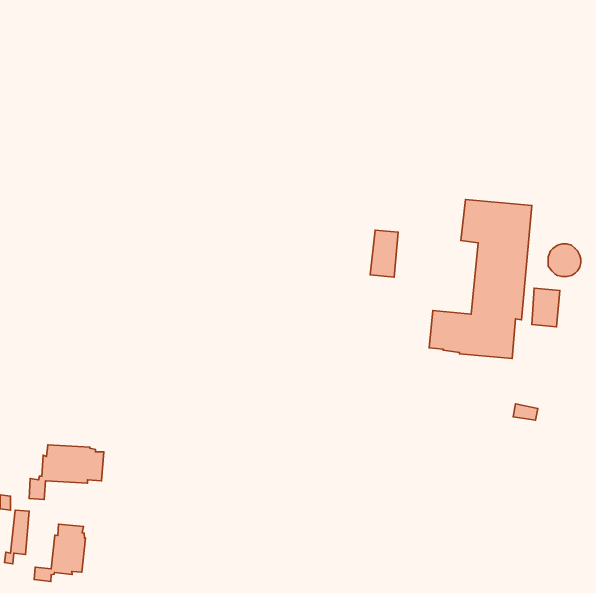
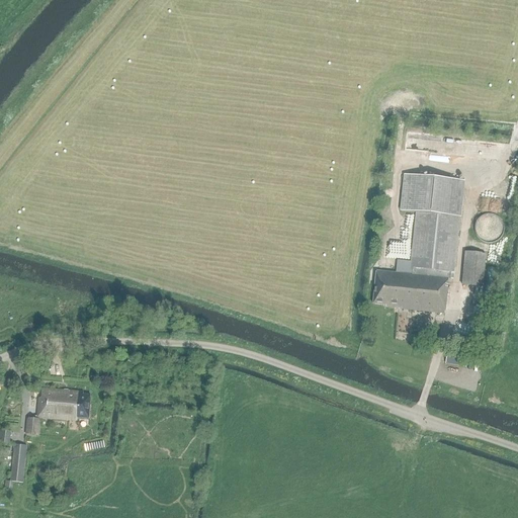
building: [370,230,398,277] -> none
building: [34,524,85,581] -> none

